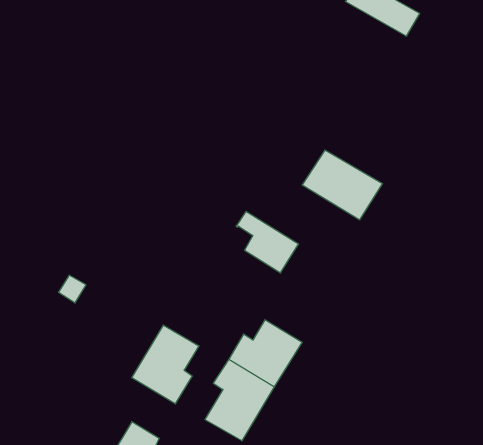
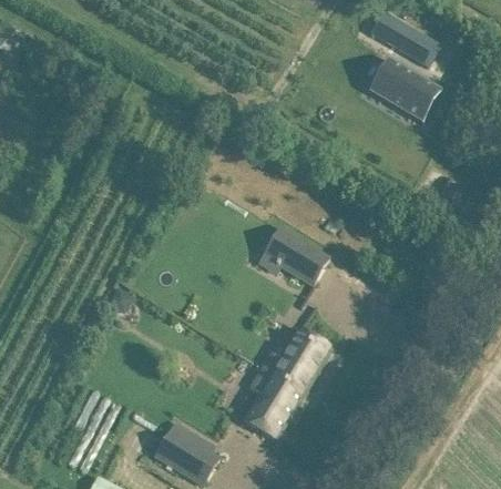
building: [302,150,383,220] -> [368,58,442,122]
building: [132,325,199,404] -> none

